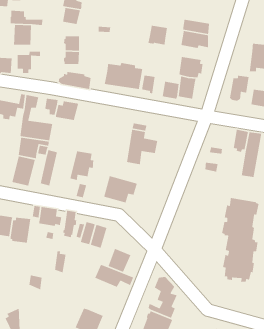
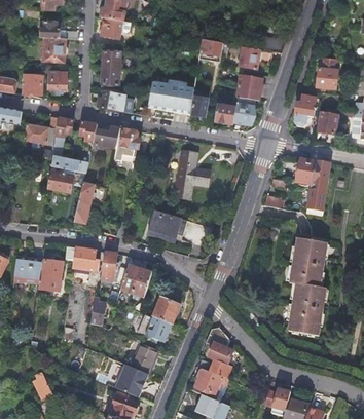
building: [69,150,94,181] -> [111,128,140,163]
building: [11,156,36,187] -> none
building: none -> [131,343,157,374]

